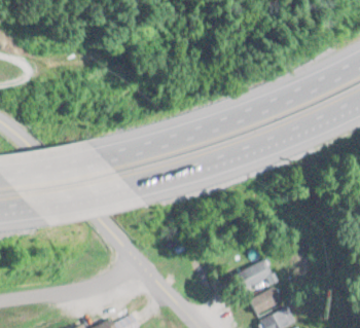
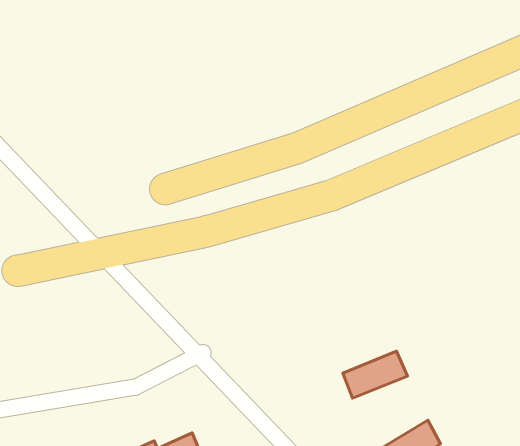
building: [248,287,283,315] -> none

